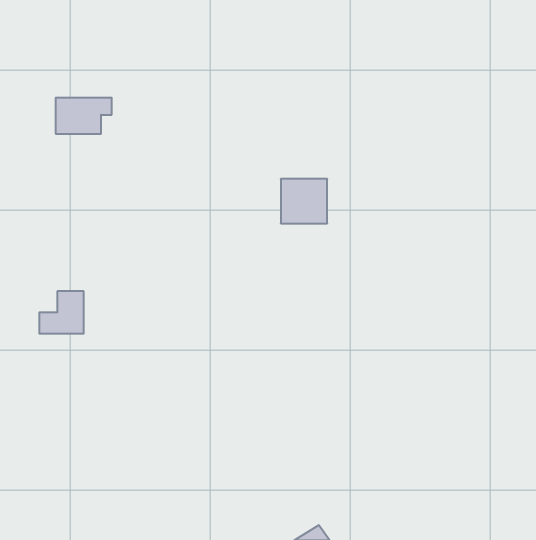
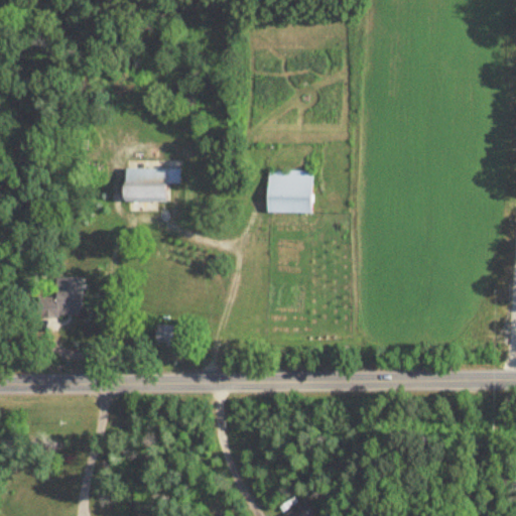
building: [56,98,112,134] -> [125,168,178,203]
building: none -> [152,325,170,347]

